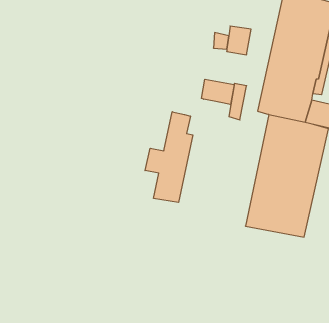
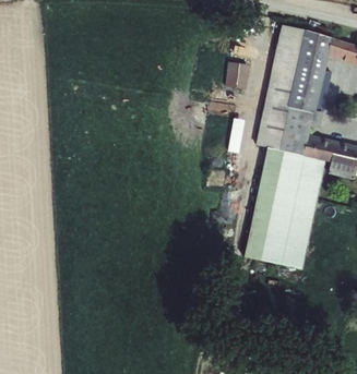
building: [201,79,234,105] -> none
building: [145,112,193,202] -> none

